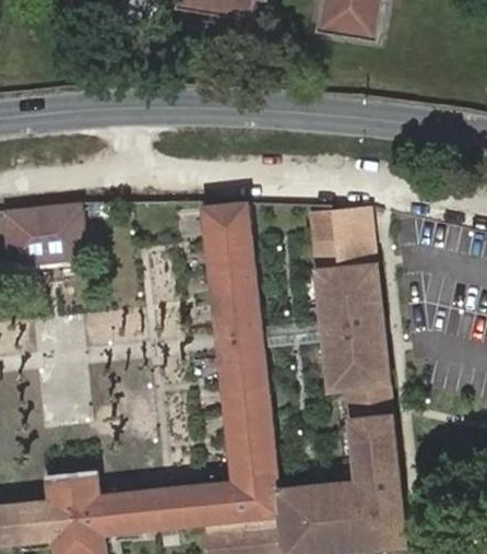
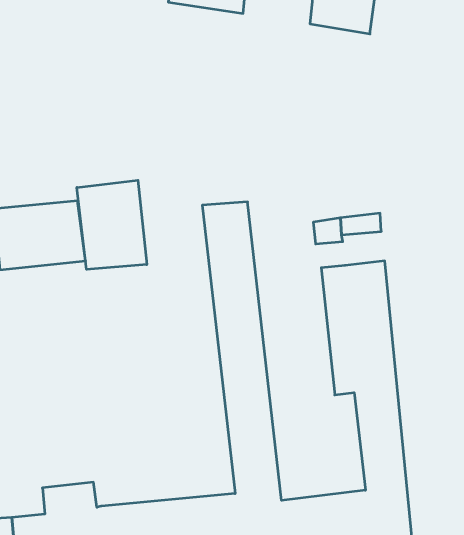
building: none -> [77,180,147,269]
building: [335,231,377,263] -> none

